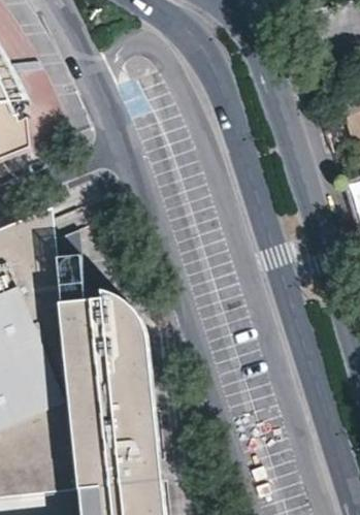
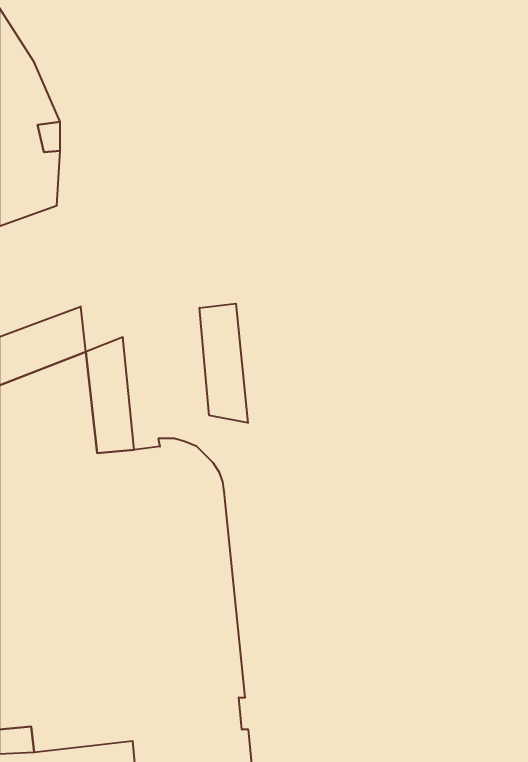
building: none -> [200,304,248,423]

